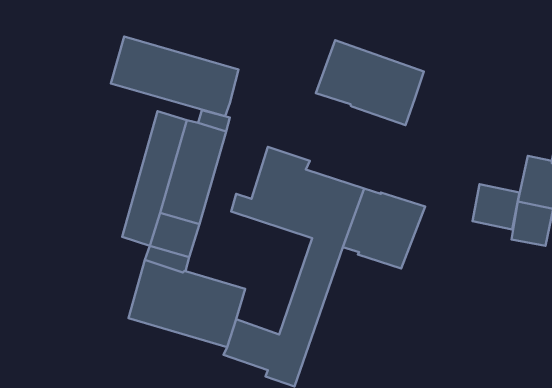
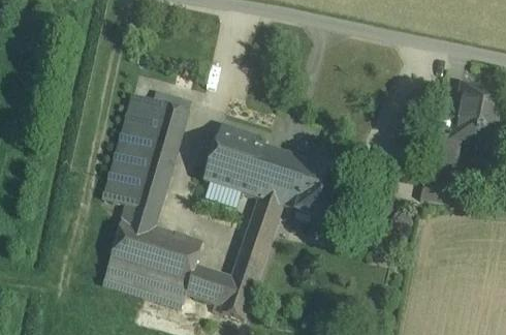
building: [111,37,238,116] -> none
building: [316,40,424,125] -> none
building: [472,184,519,229] -> none
building: none -> [102,265,188,308]

